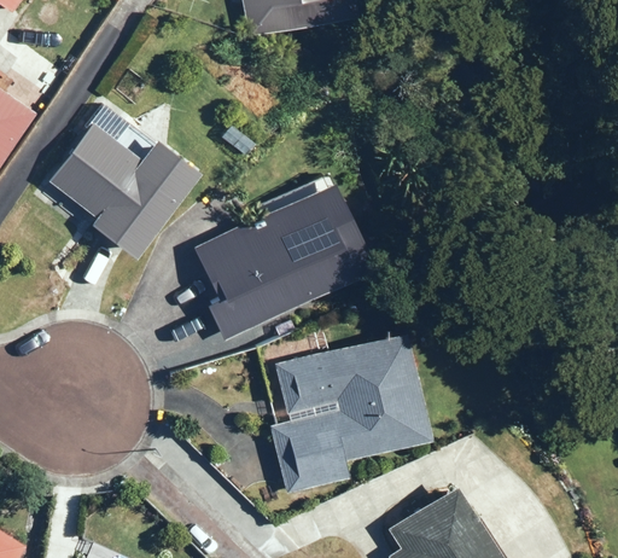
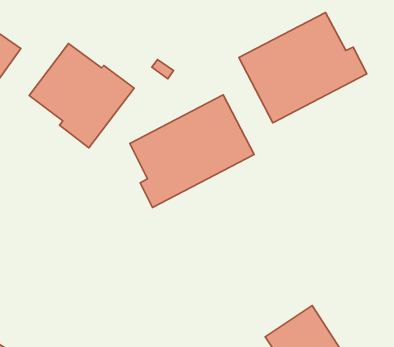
building: none -> [239,13,367,123]
building: [272,330,431,493] -> none

